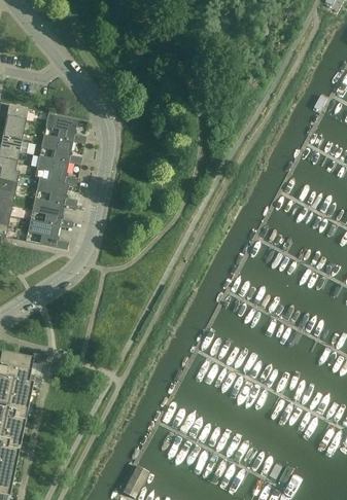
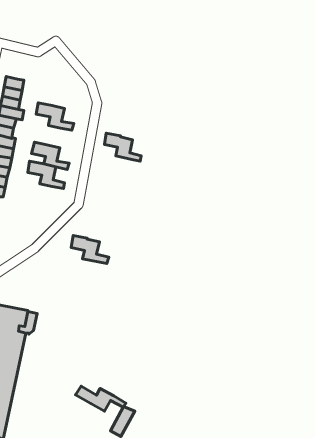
building: [44,111,85,141] -> none
building: [36,152,76,183] -> [104,133,141,161]
building: [27,216,68,247] -> [71,235,109,264]
building: none -> [75,386,126,411]

